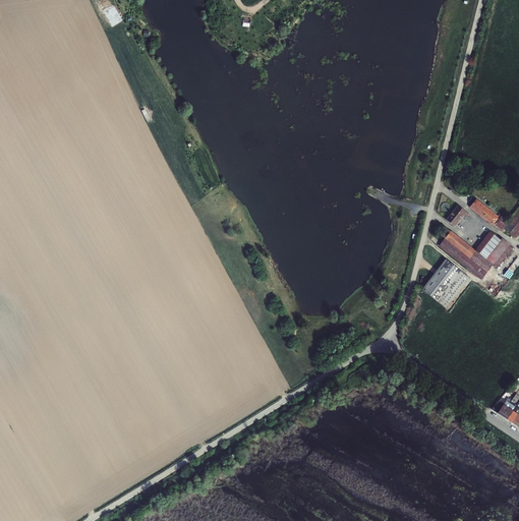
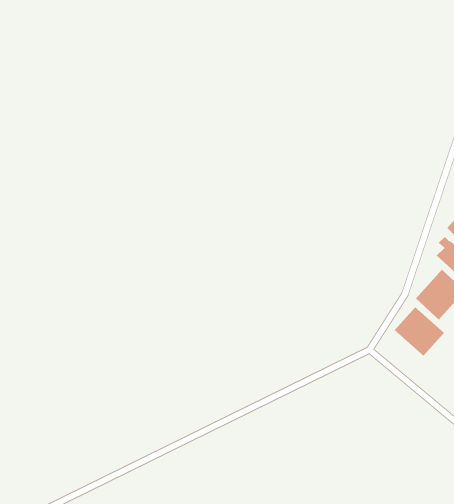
building: none -> [394,307,445,356]

